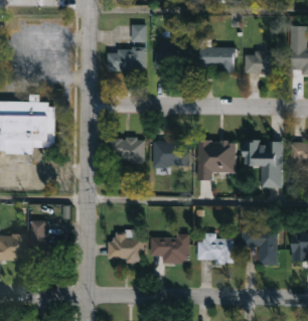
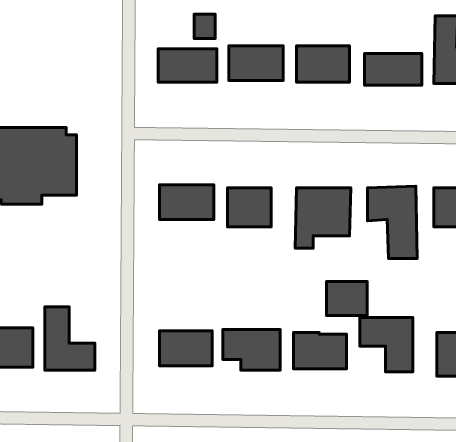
building: none -> [326,282,367,316]

